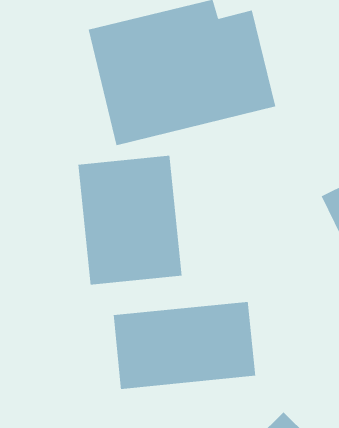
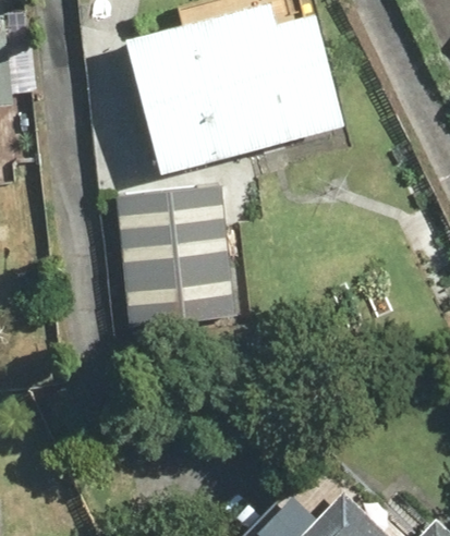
building: [113,301,256,390] -> none

